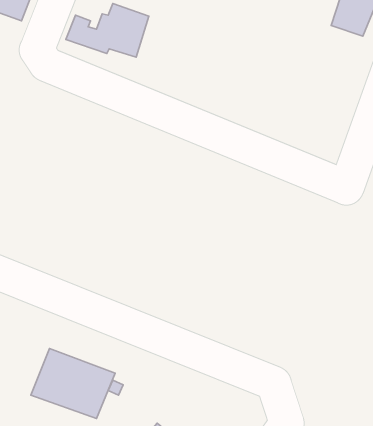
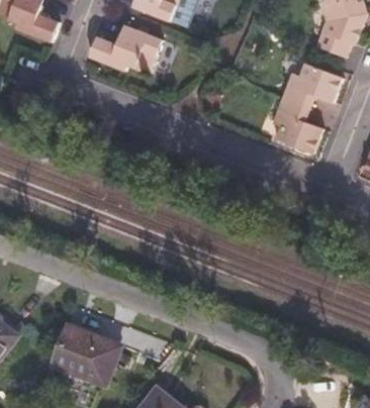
building: none -> [270,62,340,154]

